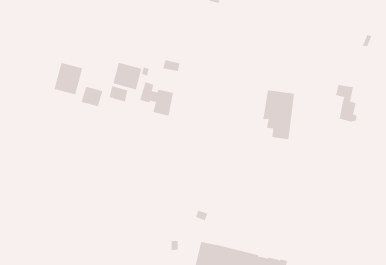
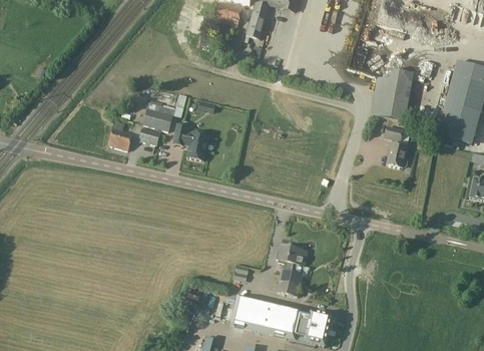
building: [54,62,83,95] -> none
building: [262,90,295,140] -> [372,66,407,120]
building: none -> [277,243,309,296]

